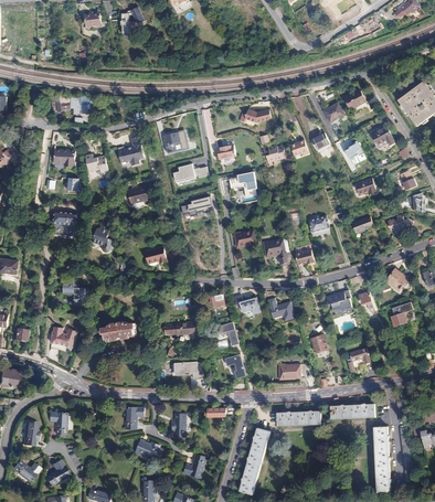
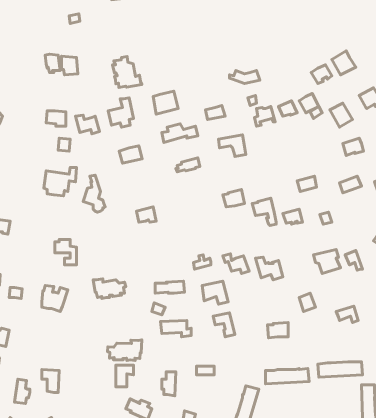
building: none -> [113,57,142,87]
building: none -> [107,340,142,360]

